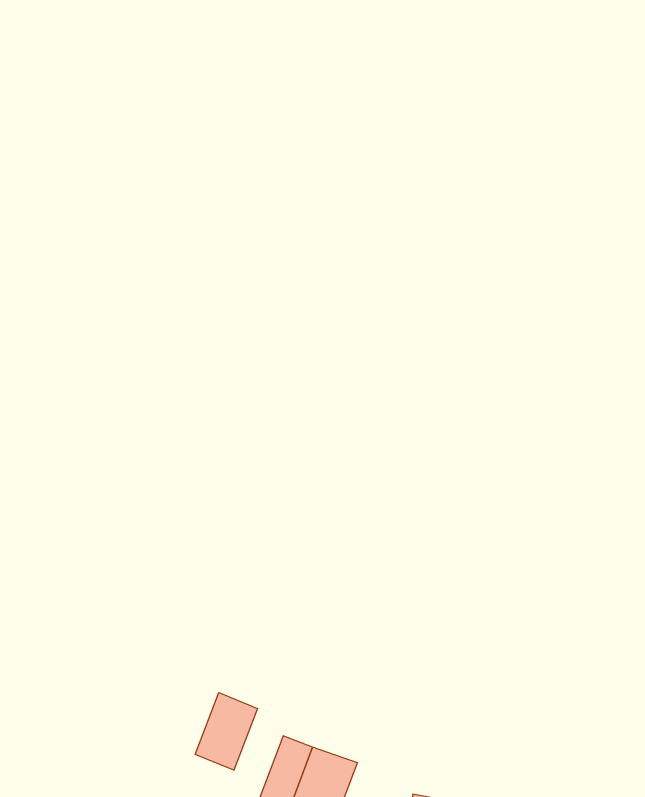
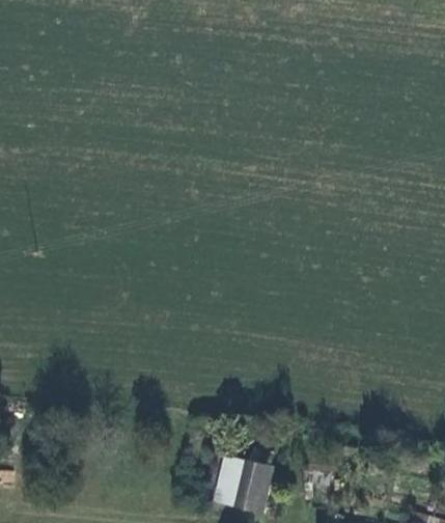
building: [195,693,258,770] -> none

